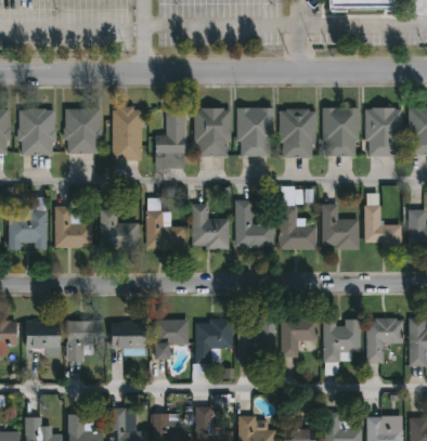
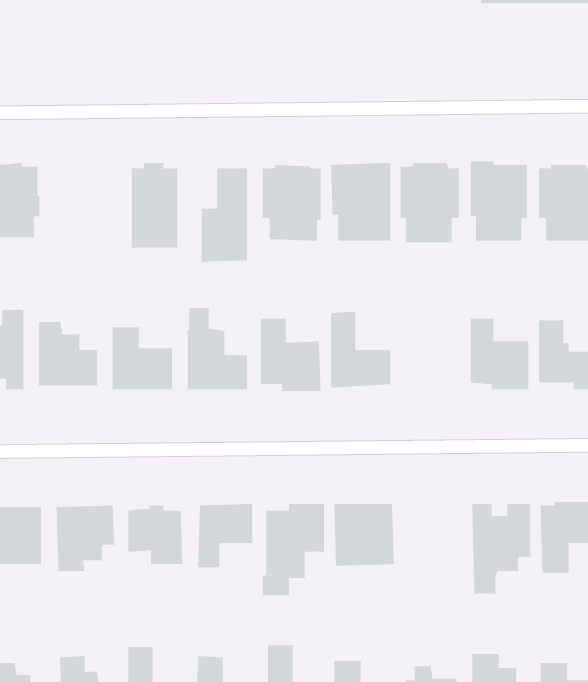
building: [64,108,102,153] -> none
building: [279,185,318,250] -> none
building: [282,319,319,358] -> none

